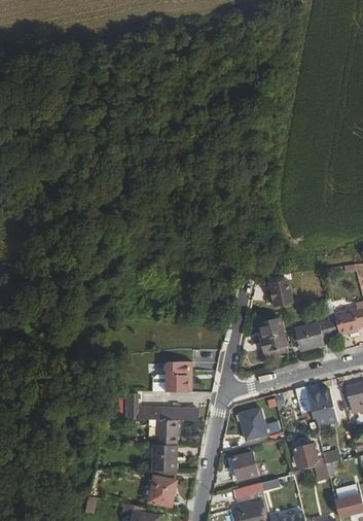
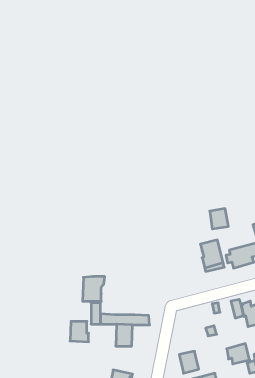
building: [166,364,192,394] -> [83,277,105,301]
building: [240,410,265,441] -> none
building: [153,446,176,471] -> [70,321,89,342]

